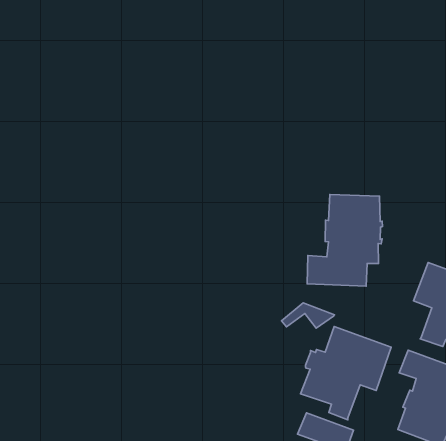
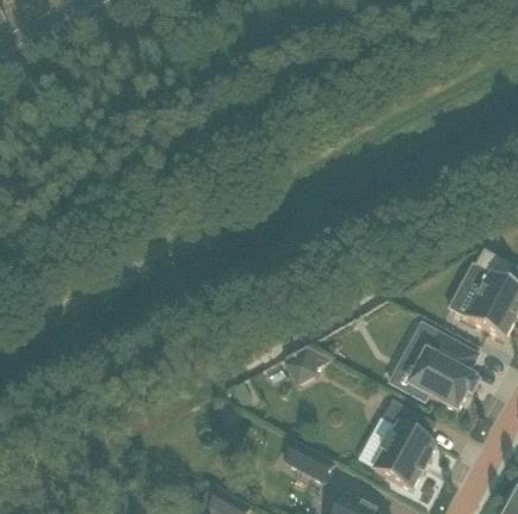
building: [307,194,382,286] -> none
building: [300,326,391,420] -> none

